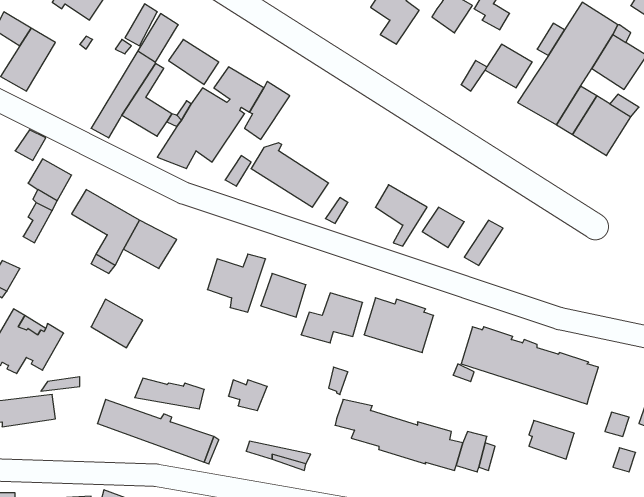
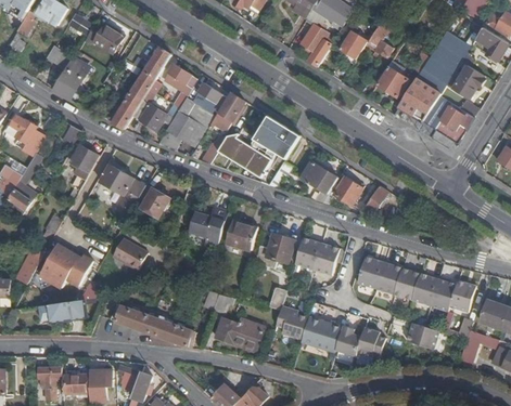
building: none -> [252,116,299,159]
building: none -> [445,280,470,310]
building: [135,378,204,409] -> [215,318,261,339]

